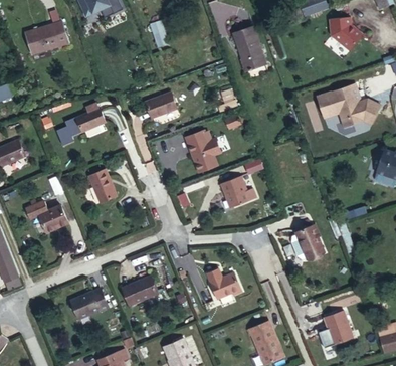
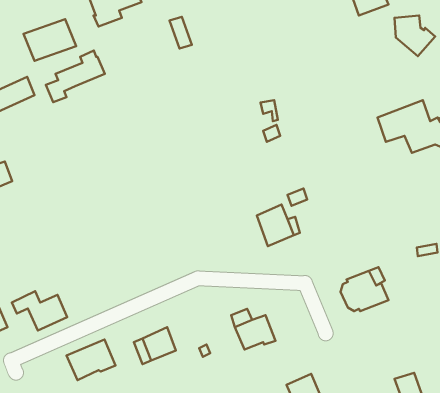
building: [233,26,264,73] -> none
building: [143,86,175,115] -> none
building: [54,104,103,146] -> [46,51,105,102]
building: [186,125,224,169] -> none
building: [85,166,115,201] -> none
building: [20,202,65,234] -> [12,291,67,331]

